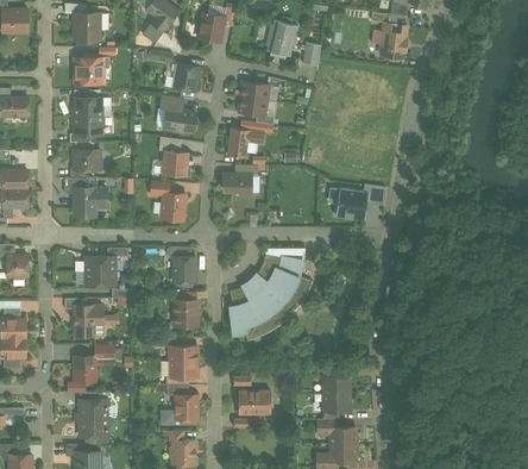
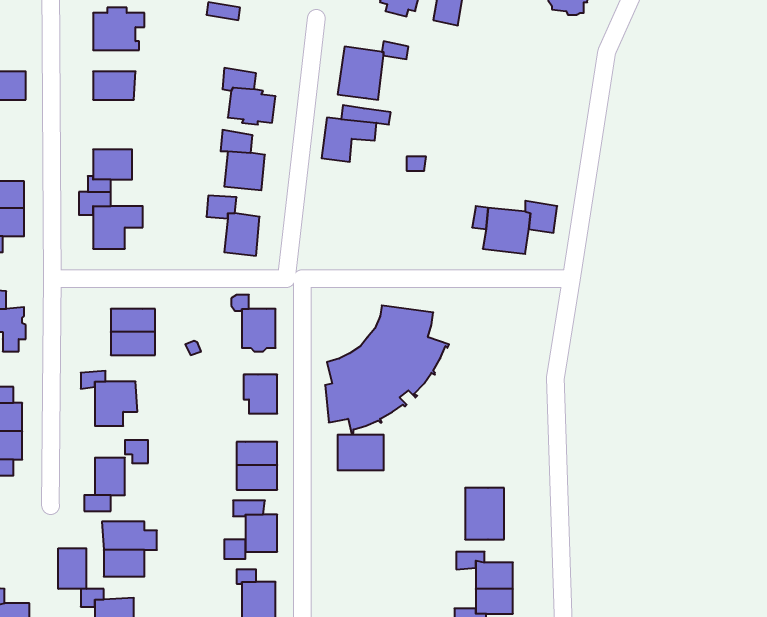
building: [174,63,199,90] -> none
building: [74,115,101,135] -> none
building: [222,173,251,195] -> none
building: [239,389,270,413] -> [338,435,384,470]
building: none -> [58,548,86,589]

